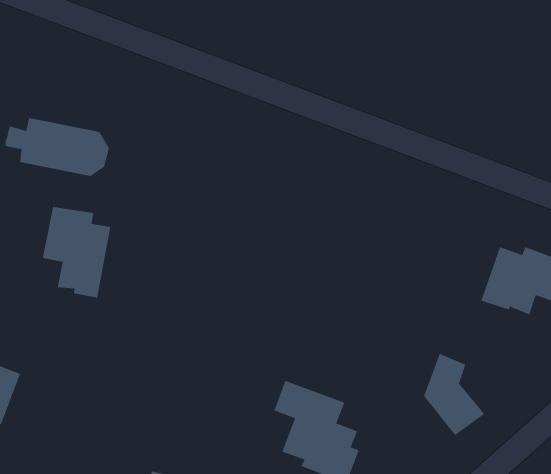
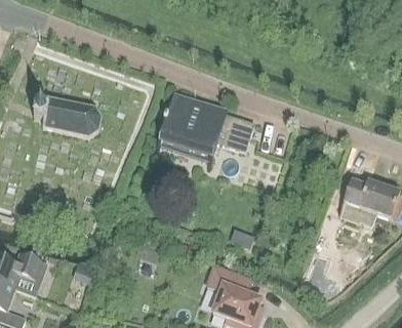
building: none -> [155,95,253,167]
building: [42,206,111,299] -> none

